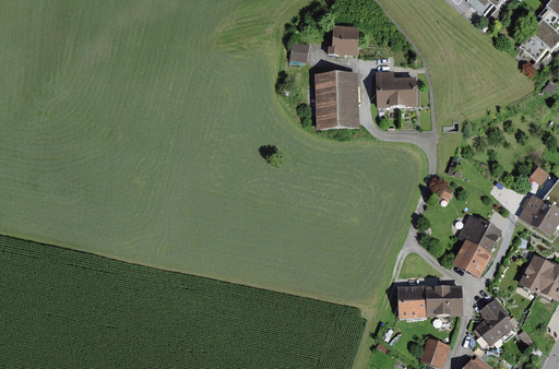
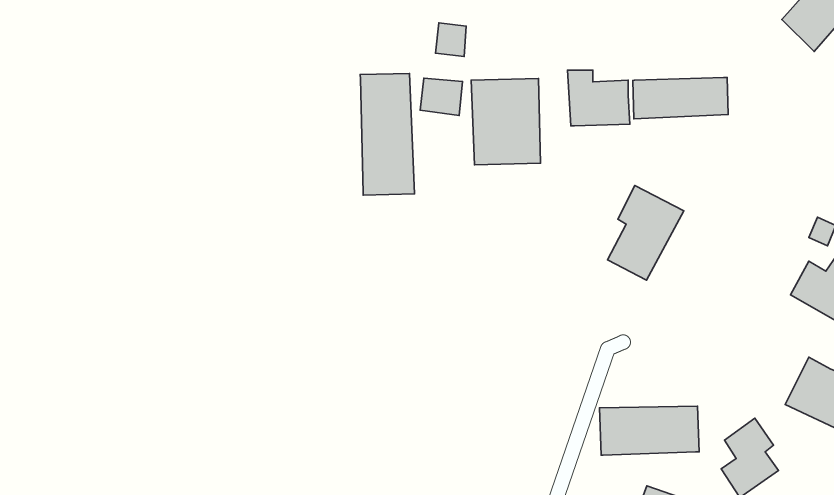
building: [333,35,360,59] -> [420,78,463,115]
building: none -> [360,73,414,195]
building: none -> [633,77,728,119]
building: [452,216,501,277] -> [608,185,684,280]

